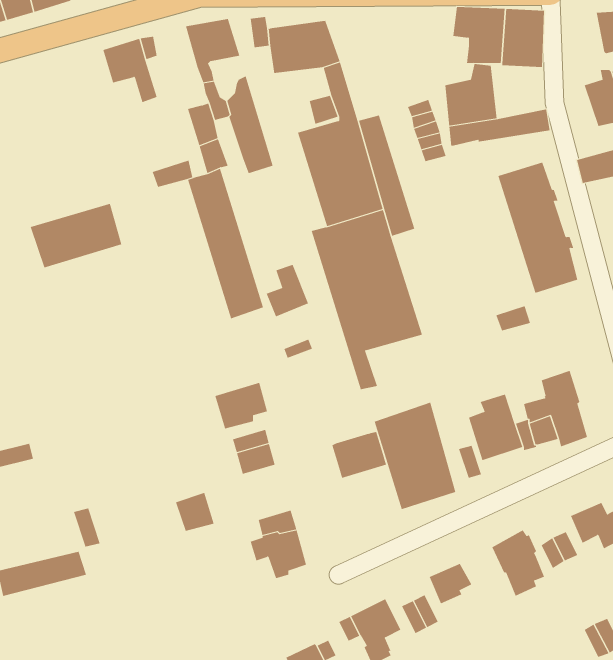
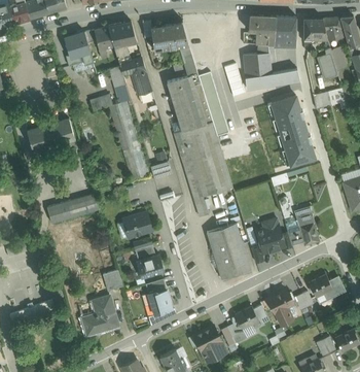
building: none -> [303,19,327,39]
building: none -> [95,26,114,59]
building: none -> [47,193,100,224]
building: [332,431,387,479] -> [136,255,165,279]
building: none -> [83,296,119,335]

